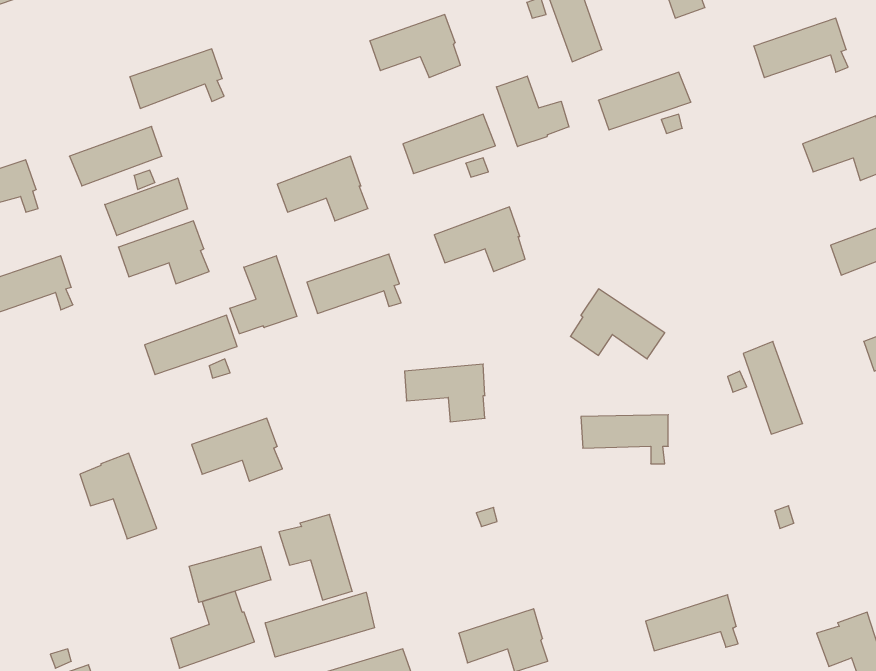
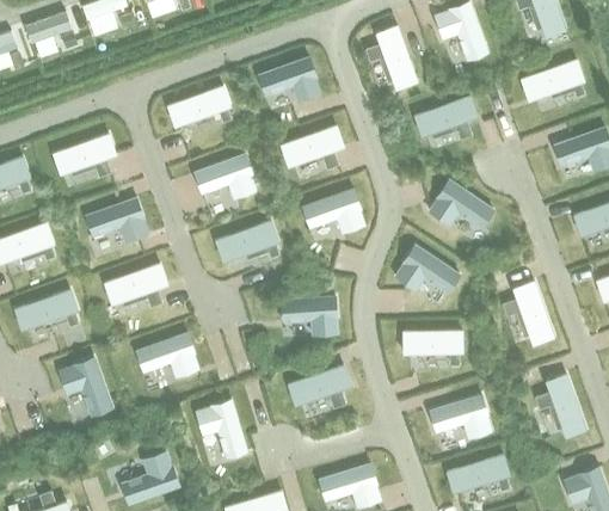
building: [130,49,224,108] -> [167,87,232,128]
building: [496,76,569,147] -> none
building: [105,178,188,236] -> none
building: none -> [429,180,493,228]
building: [230,256,297,334] -> none
building: none -> [14,290,78,331]
building: none -> [288,367,351,406]
building: none -> [546,375,586,438]
building: none -> [430,396,491,439]
building: [189,546,271,602] -> none
building: [265,592,375,657] -> none

